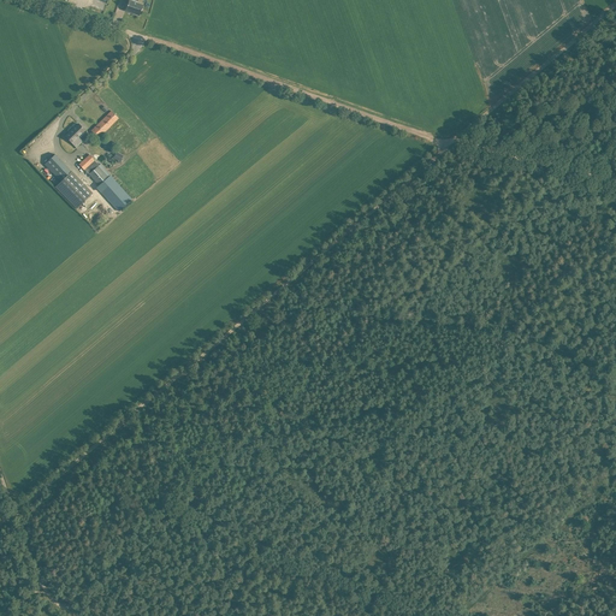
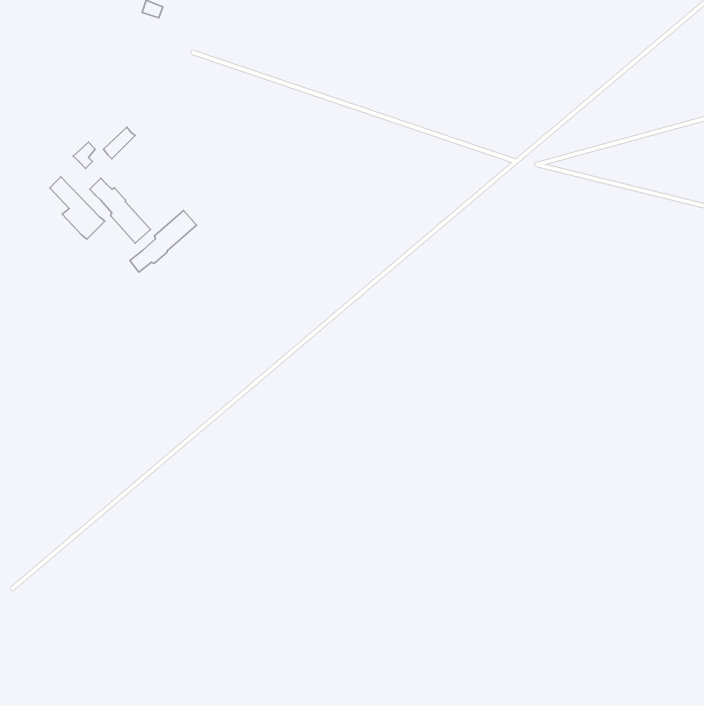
building: none -> [130,210,196,272]

